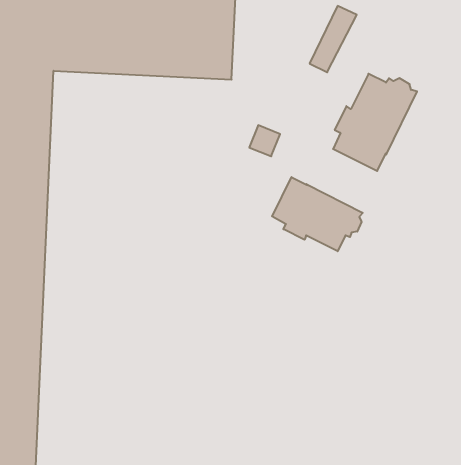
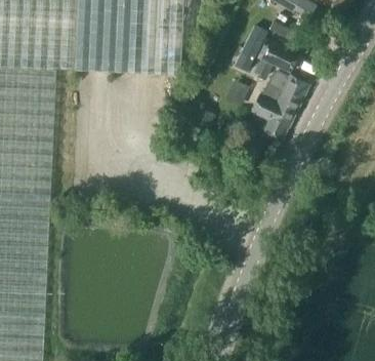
building: none -> [253,36,298,76]
building: [272,177,363,251] -> none

